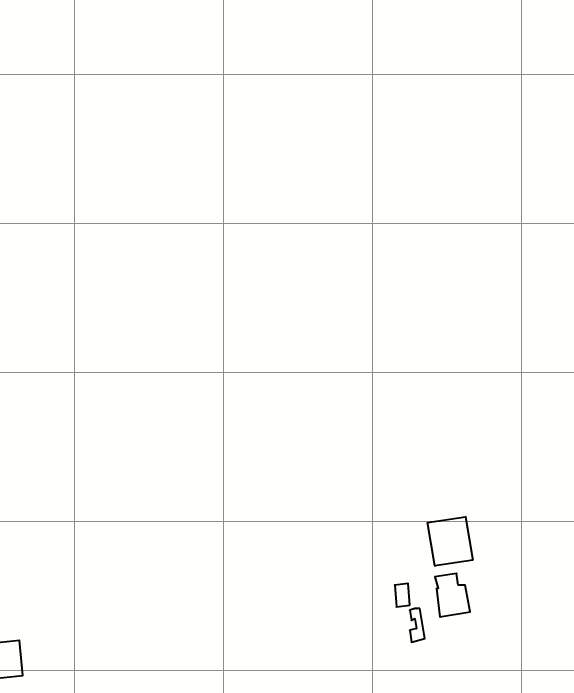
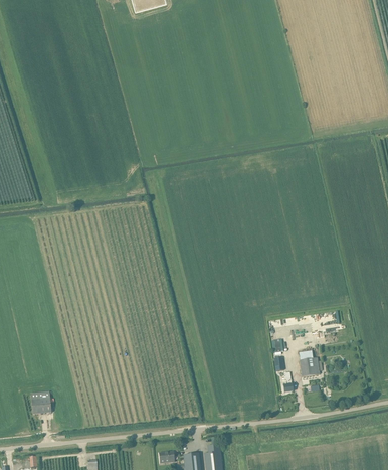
building: [428,517,473,566] -> none

